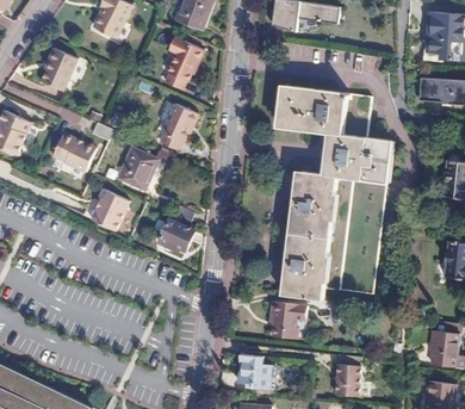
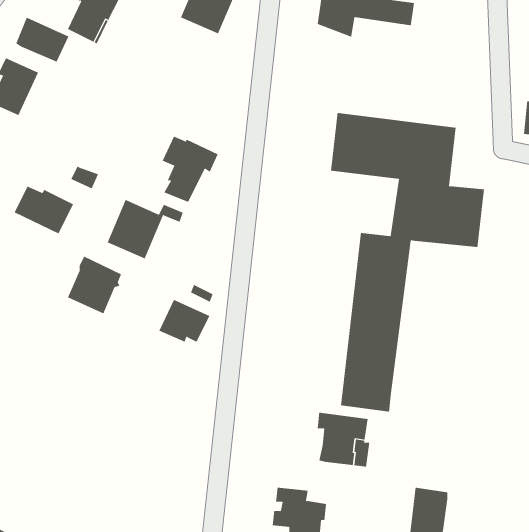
building: none -> [15,17,69,62]
building: [163,37,203,89] -> none
building: [323,178,385,295] -> none

